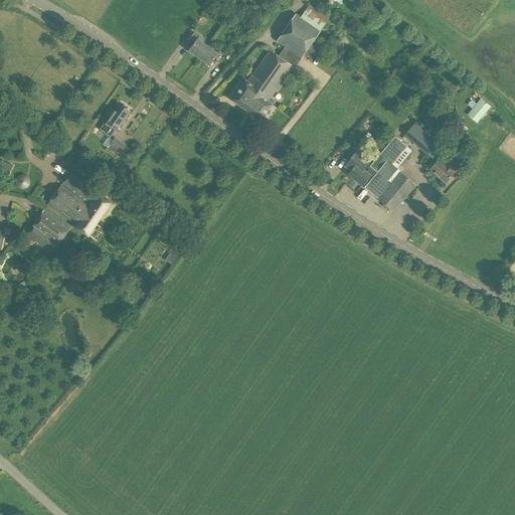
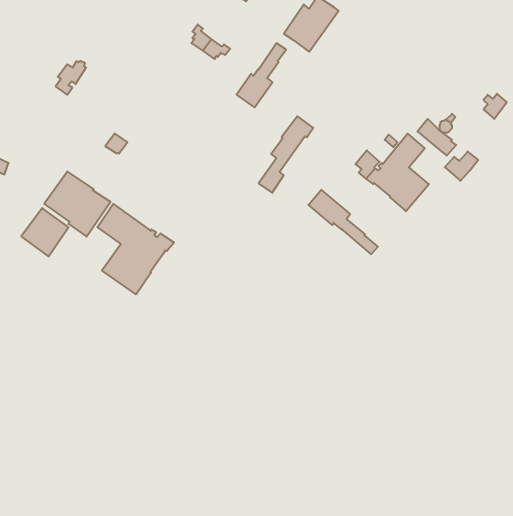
building: [247,46,300,120] -> [259,116,313,193]
building: [99,104,128,136] -> [56,61,86,95]
building: none -> [308,190,378,254]
building: none -> [97,204,174,294]

